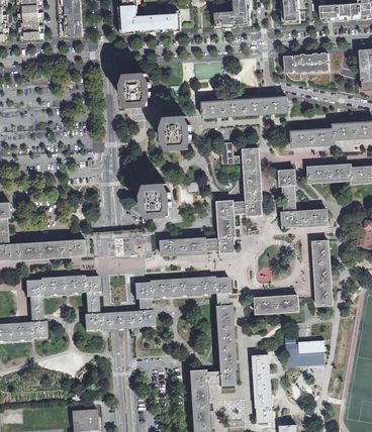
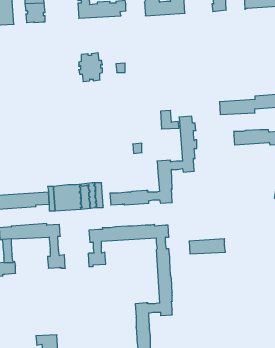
building: [282,52,329,80] -> none
building: [202,97,287,117] -> none
building: [163,116,191,149] -> none
building: [279,170,328,227] -> none
building: [142,183,171,217] -> none
building: [312,240,332,304] -> none
building: [105,313,134,330] -> none
building: [285,336,326,366] -> none
building: [253,354,272,421] -> none

